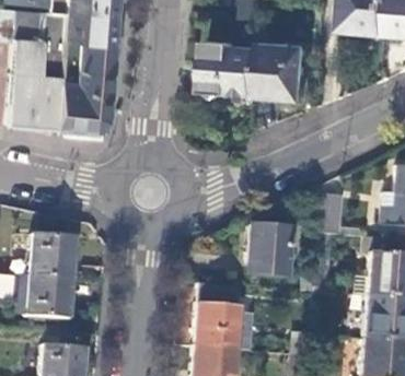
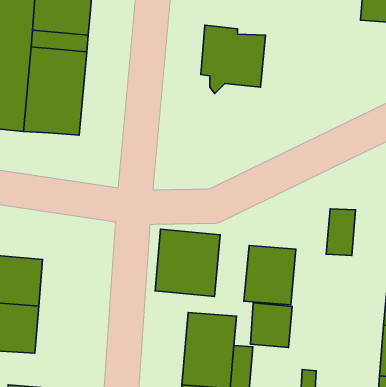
building: [258,44,309,99] -> none
building: none -> [155,229,220,297]
building: none -> [251,303,292,347]

